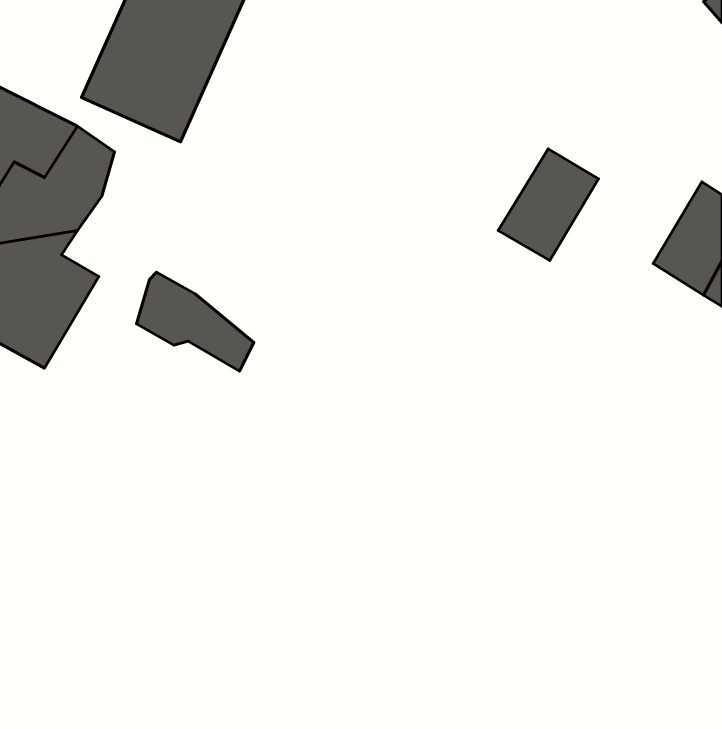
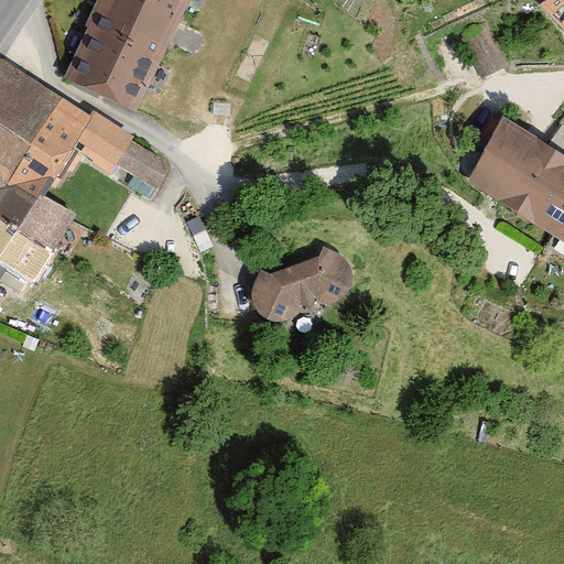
building: [498,149,598,261] -> [463,117,540,203]
building: [136,272,254,371] -> [78,111,169,187]
building: none -> [248,246,356,322]

